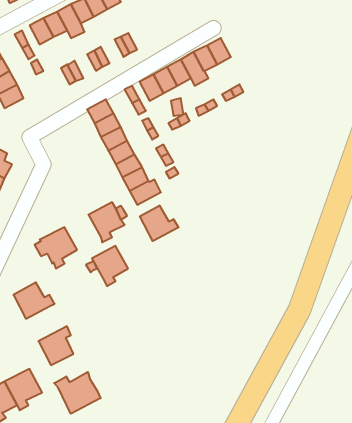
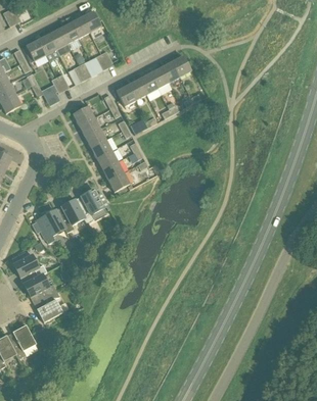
building: [140,205,179,241] -> none
building: [92,246,128,286] -> [54,199,84,232]
building: none -> [22,273,56,302]
building: [54,372,101,414] -> none

